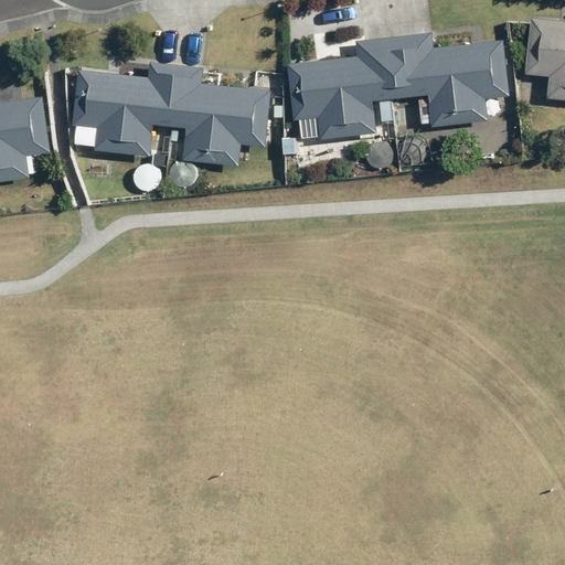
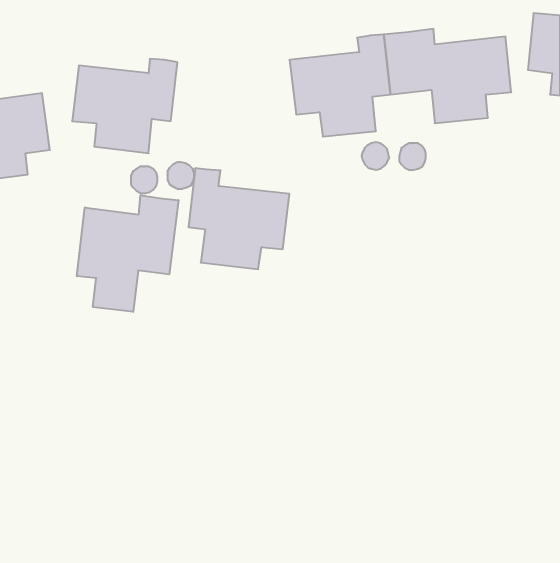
building: [170,66,270,167] -> [188,168,289,269]
building: none -> [77,195,178,312]

